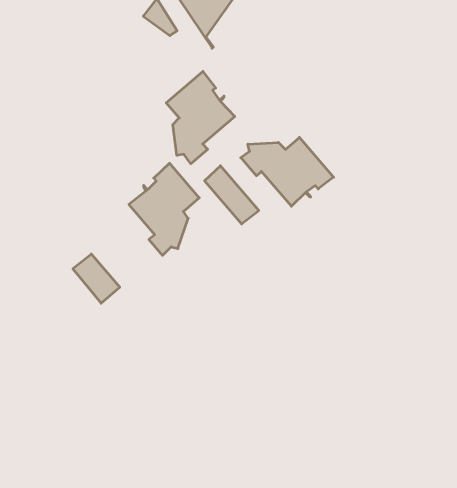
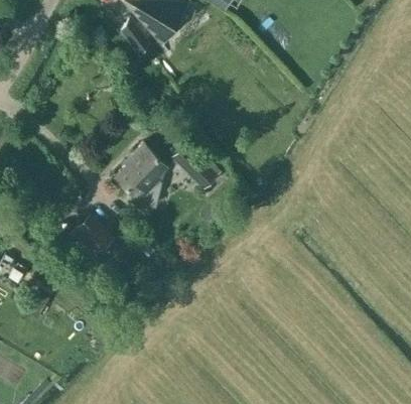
building: [166,71,235,164] -> none
building: [241,137,334,206] -> none

